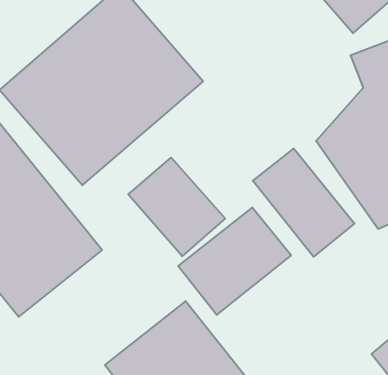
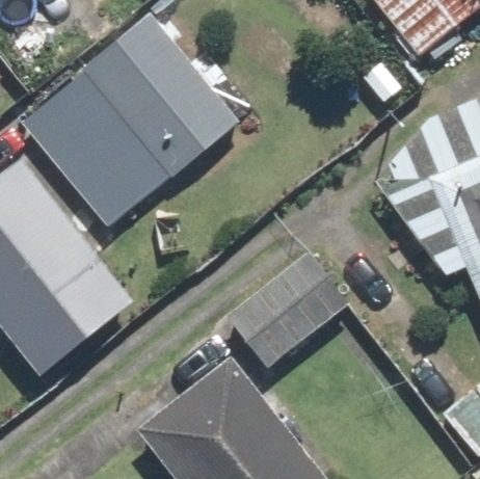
building: [253,149,355,257] -> none
building: [128,158,225,256] -> none

